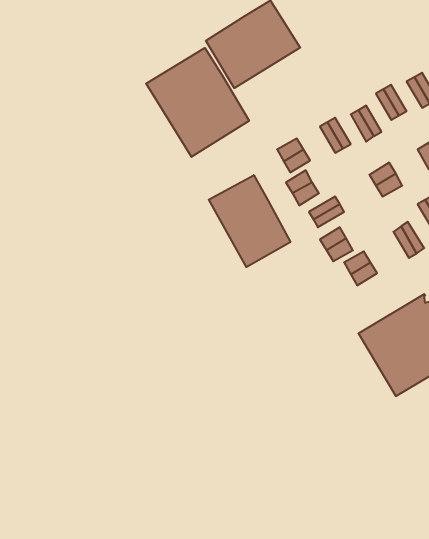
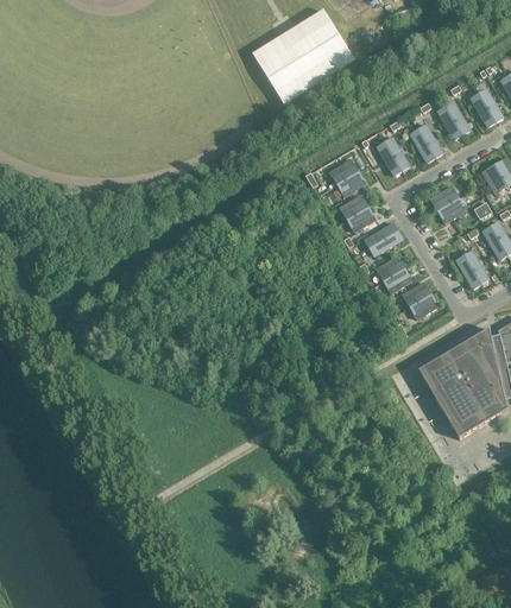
building: [146,48,249,157] -> none
building: [209,175,290,267] -> none

